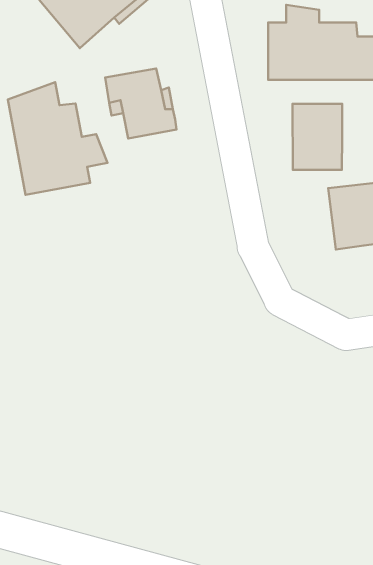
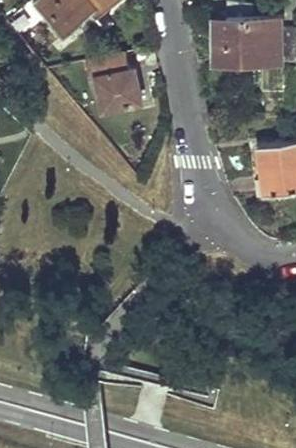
building: [8,82,107,195] -> none
building: [292,104,342,170] -> none

